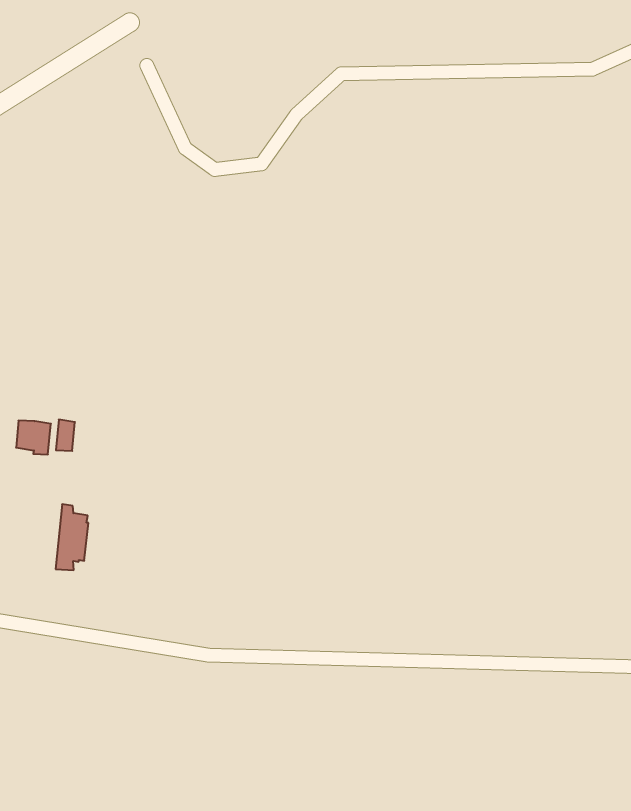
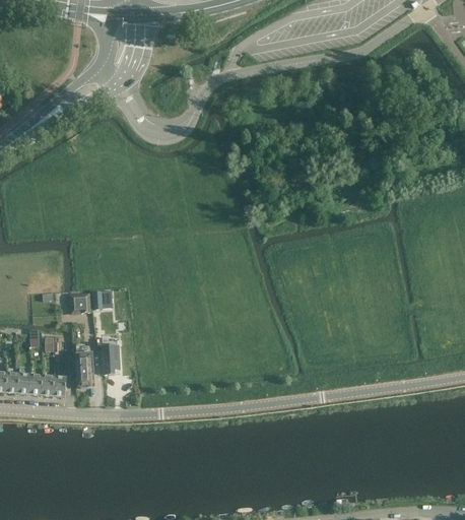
building: none -> [76,351,92,387]

